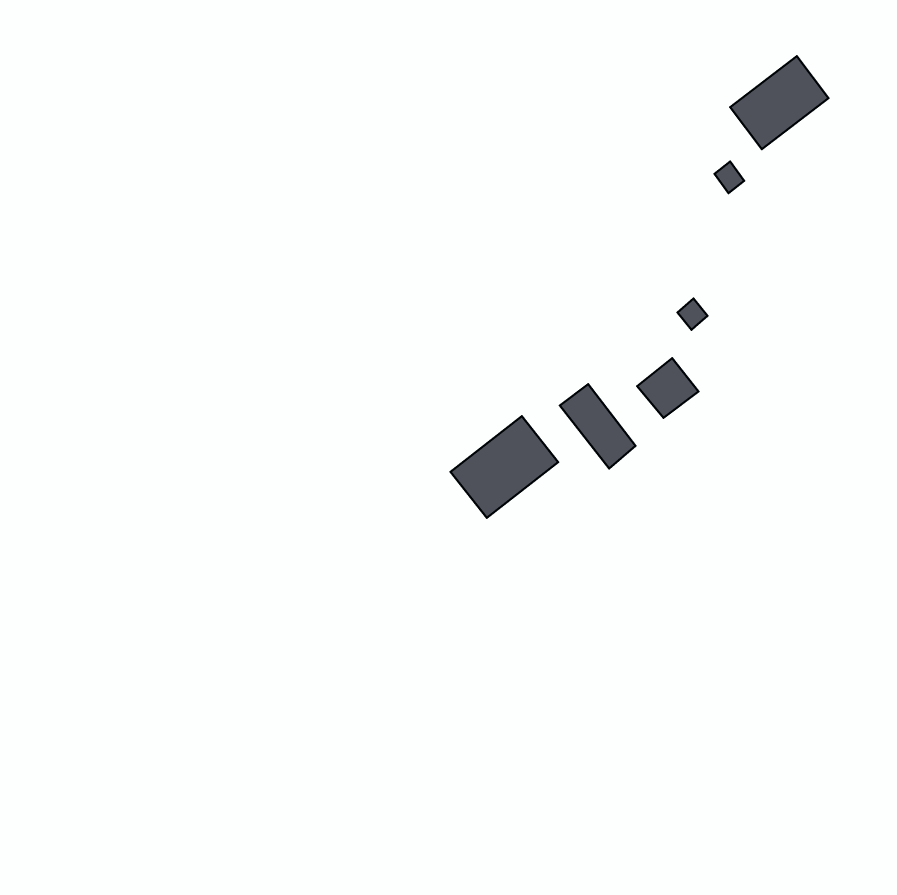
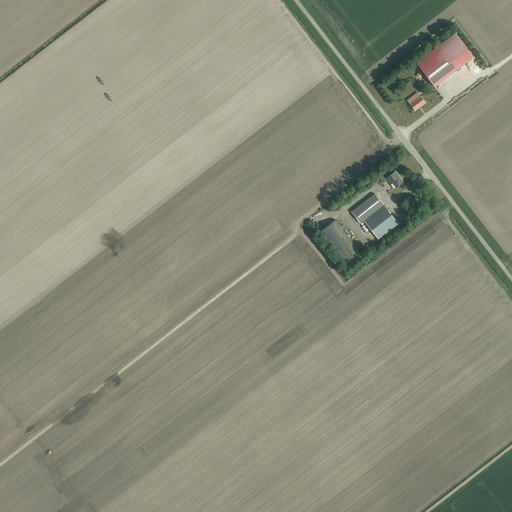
building: none -> [351,193,383,222]
building: [451,416,558,518] -> none

